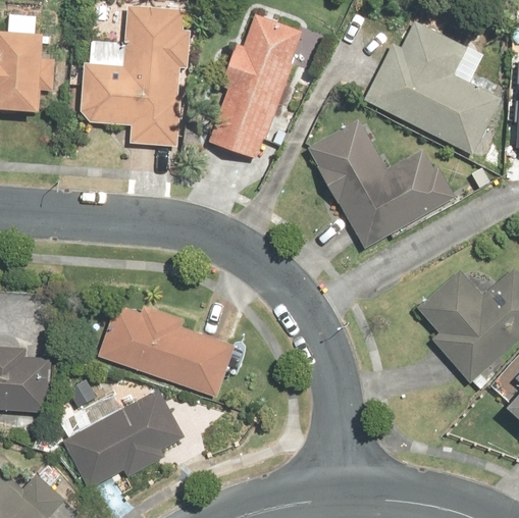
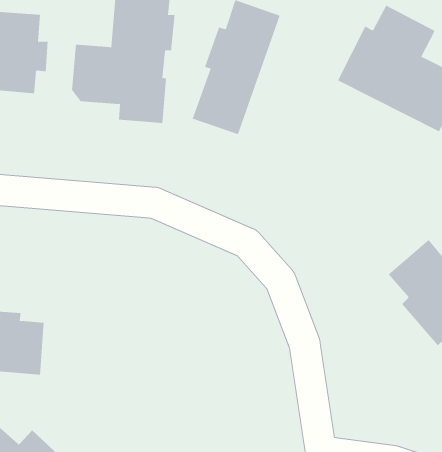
building: [309,119,455,247] -> none
building: [98,304,235,398] -> none
building: [62,388,186,489] -> none

